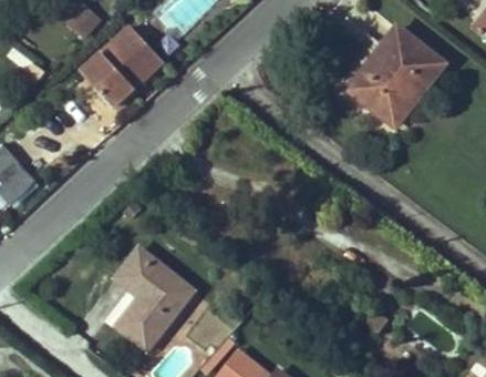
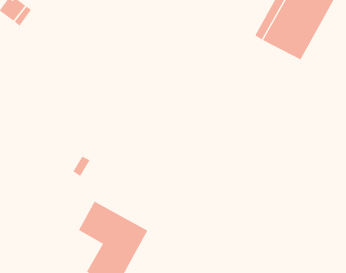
building: [82,26,164,105] -> none

